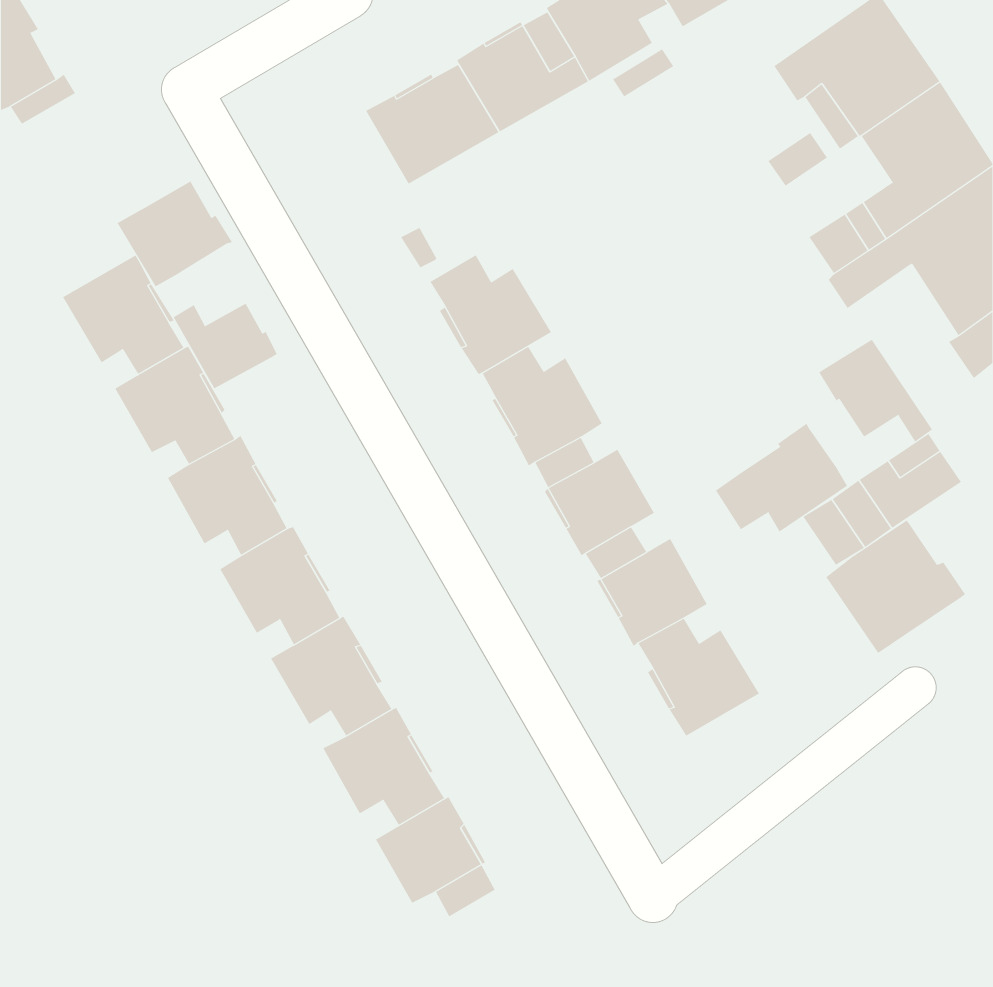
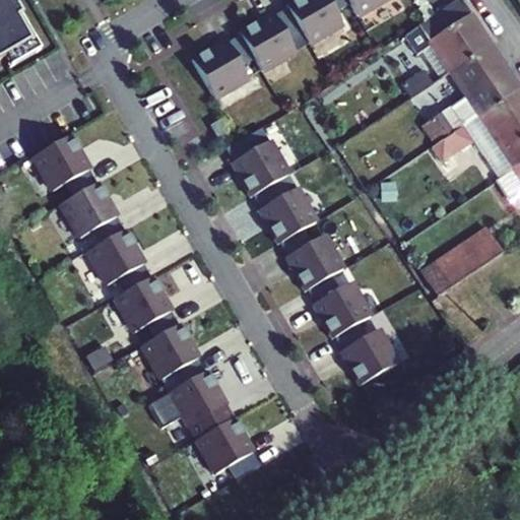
building: [117,181,233,287] -> none
building: [173,303,277,389] -> none
building: [819,339,933,442] -> none
building: [715,423,848,532] -> none
building: [826,520,966,654] -> none

